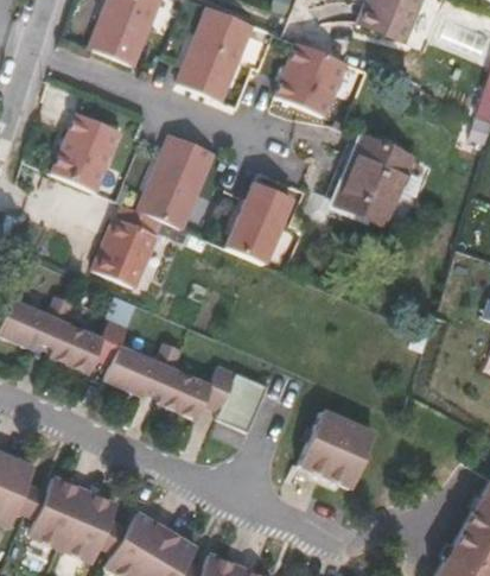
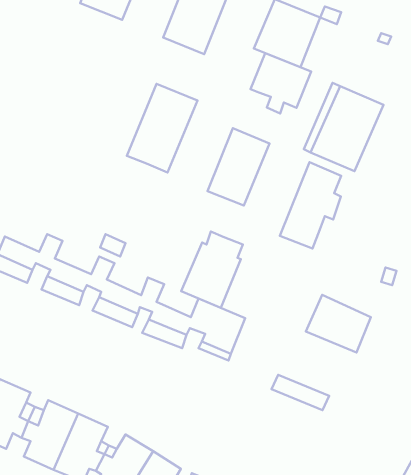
building: none -> [250,53,311,113]
building: [47,113,120,194] -> none
building: [94,207,160,289] -> [181,231,243,308]
building: none -> [280,162,341,248]
building: [301,409,371,470] -> [306,295,371,352]

